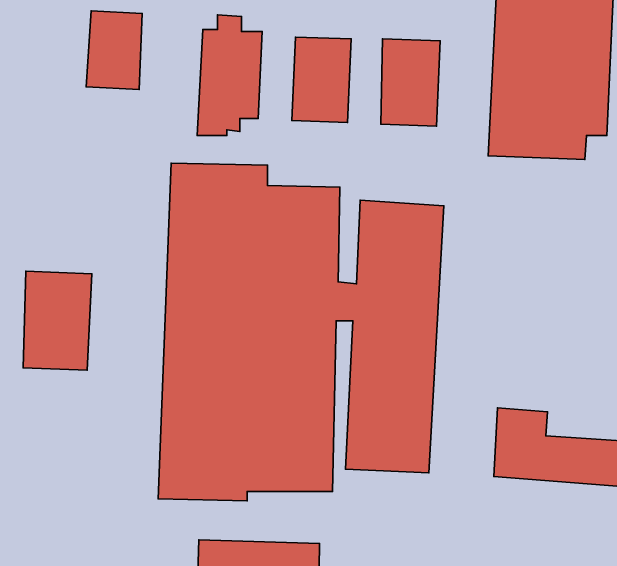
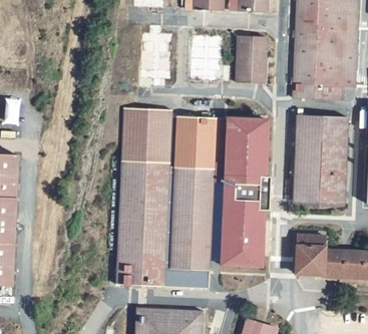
building: [86,11,142,90] -> none
building: none -> [293,114,349,205]
building: [23,271,92,370] -> none

